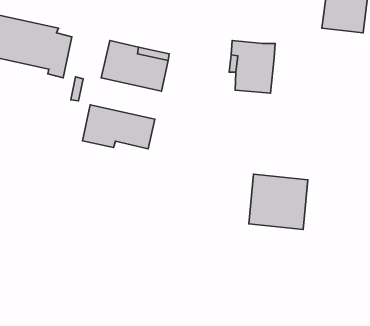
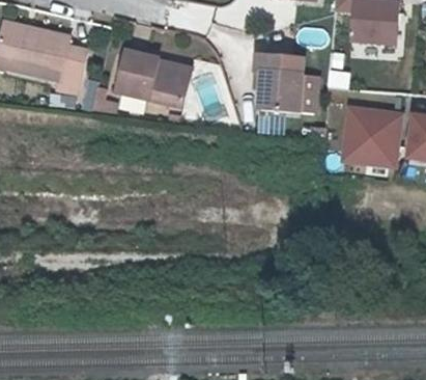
building: [82,105,155,149] -> none
building: [249,174,308,230] -> [339,107,403,167]

